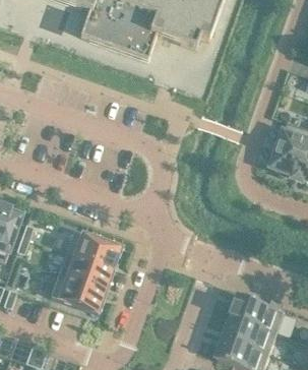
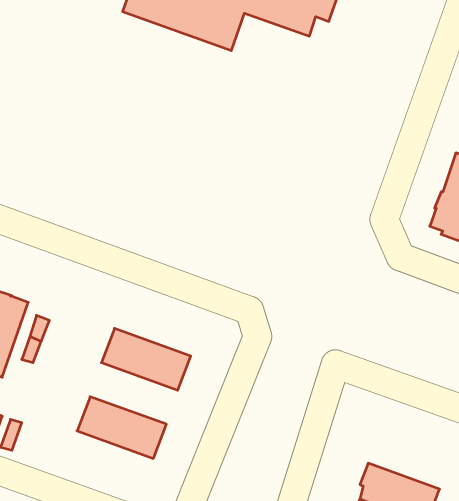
building: [58,251,113,290] -> none
building: [232,294,284,330] -> none

